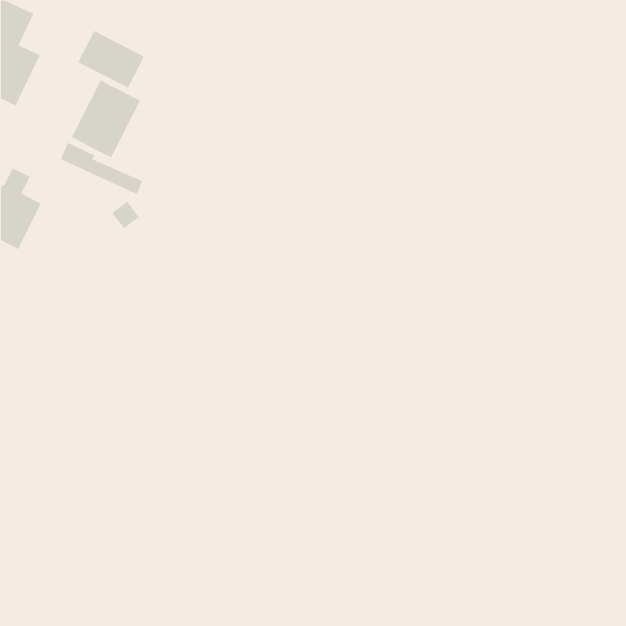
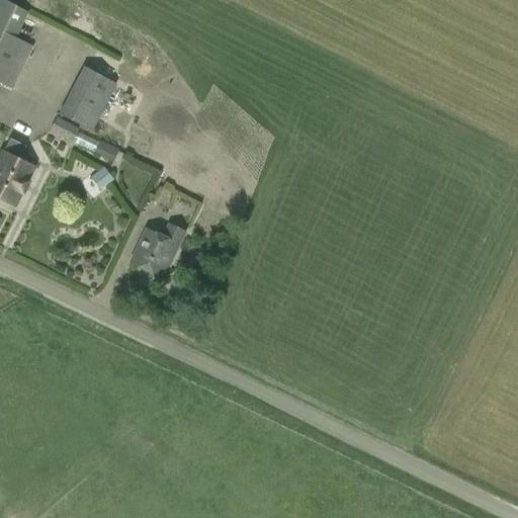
building: [77,30,145,88] -> none
building: none -> [131,222,186,277]

